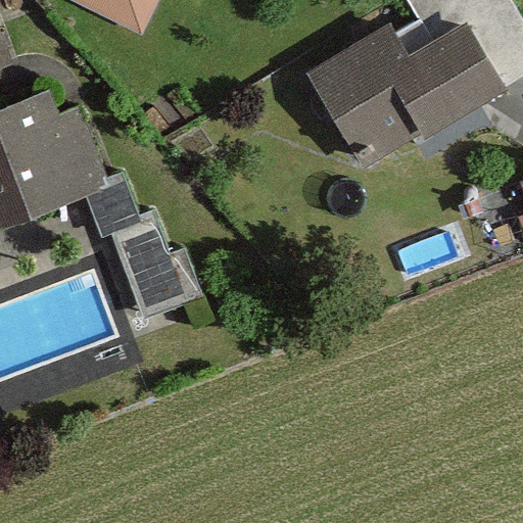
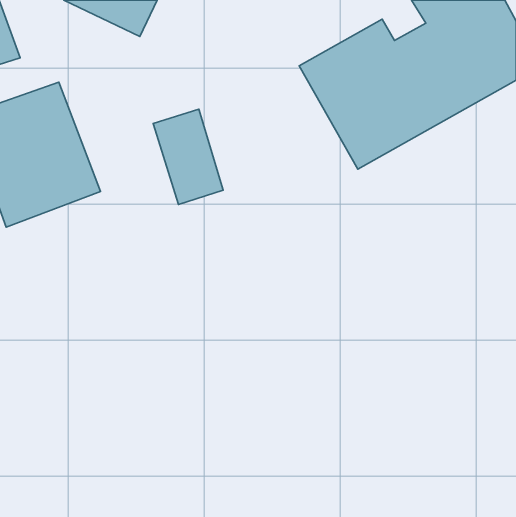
building: [116,209,187,305] -> [153,109,223,204]

